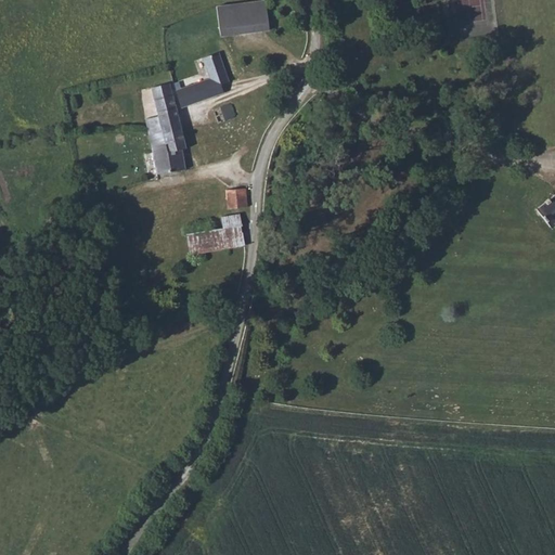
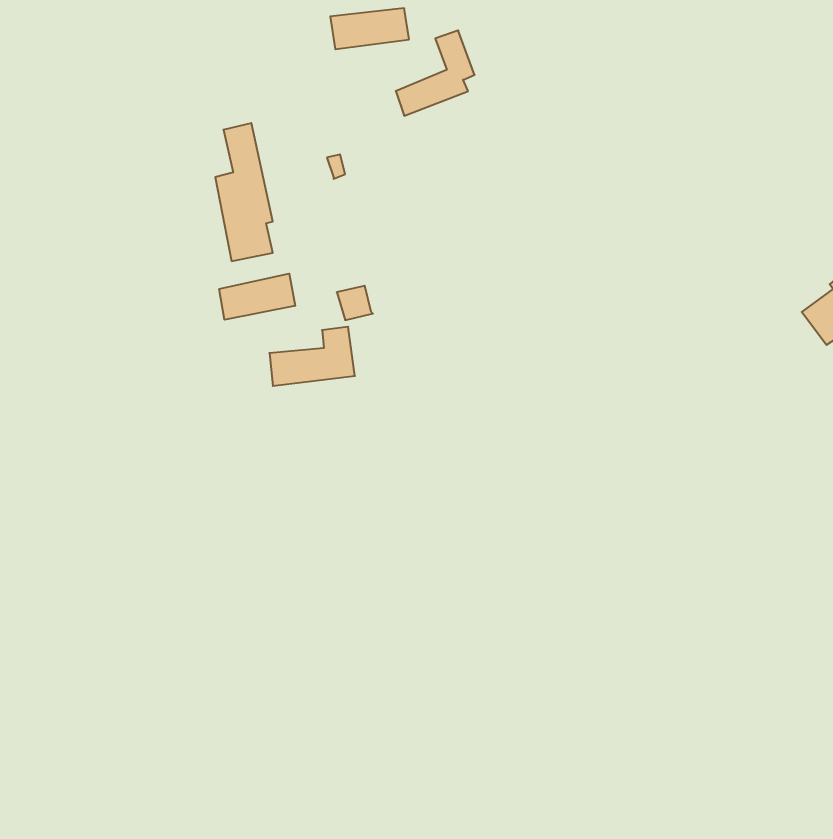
building: [176,51,228,107] -> [396,30,475,116]
building: none -> [219,274,295,320]

